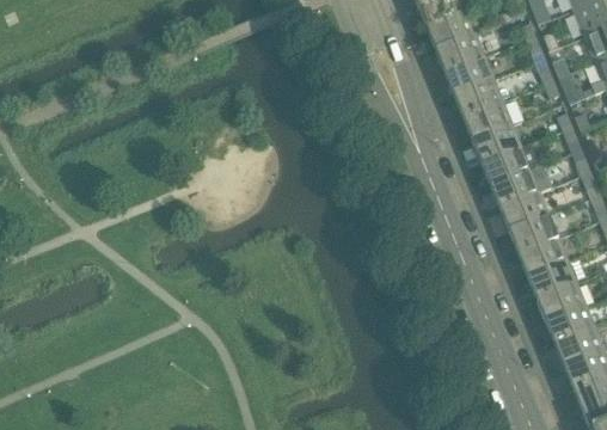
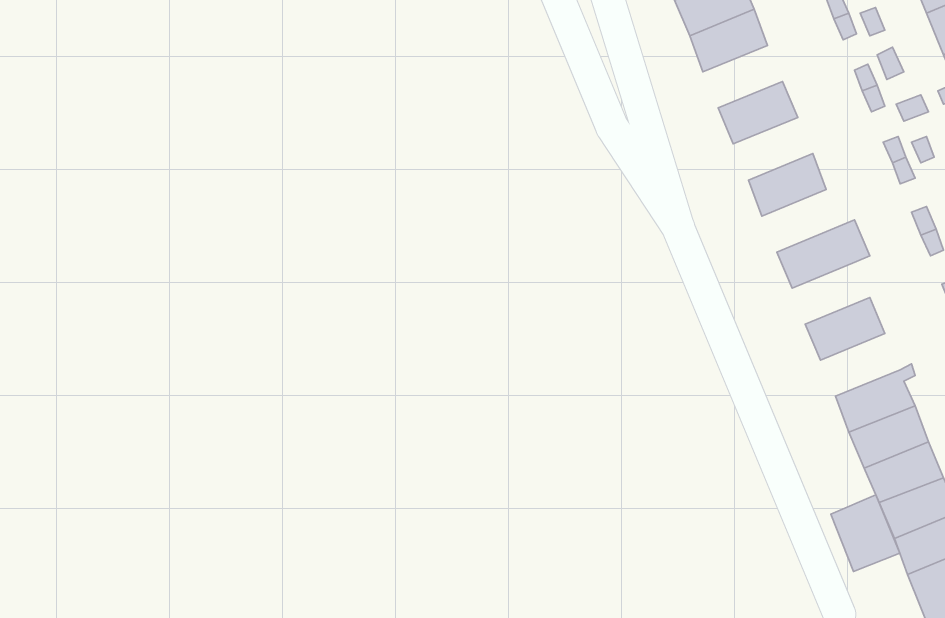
building: [444,56,495,96] -> none
building: [464,102,514,141] -> none
building: [482,143,540,186] -> none
building: [501,192,550,232] -> none
building: [519,238,569,277] -> none
building: none -> [831,495,900,571]

